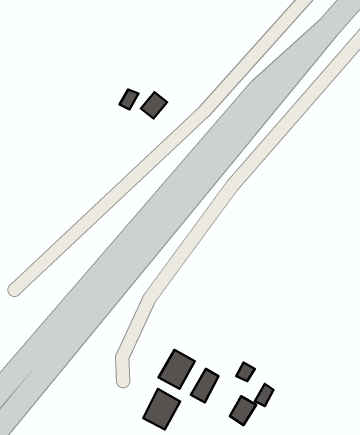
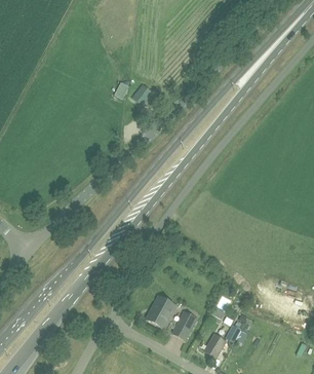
building: [143,389,180,430] -> none

